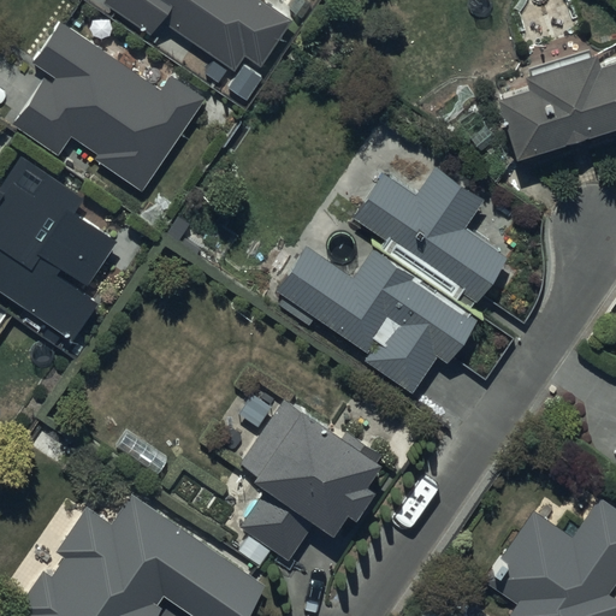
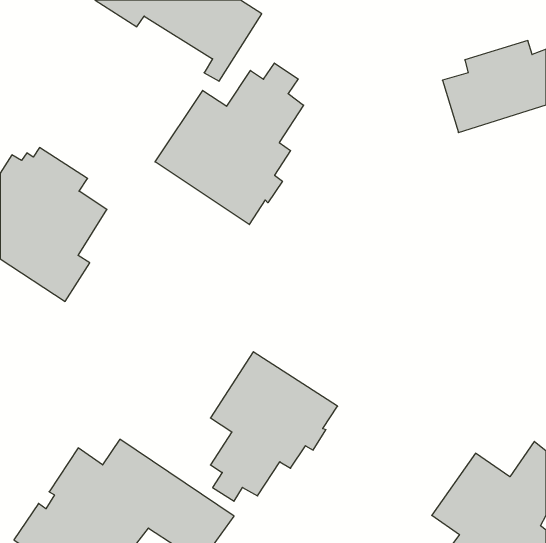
building: [17,22,205,189] -> none
building: none -> [155,63,304,225]
building: [276,167,507,392] -> none

